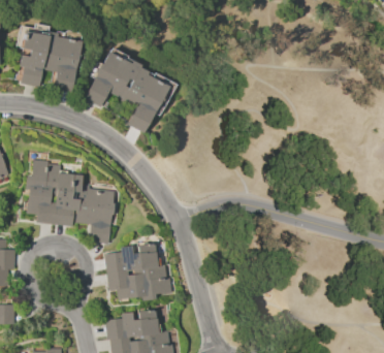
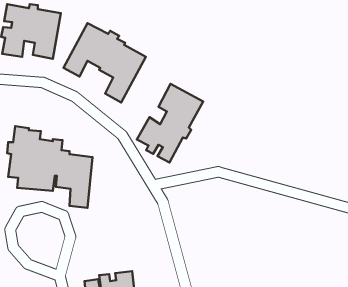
building: none -> [137,84,203,162]
building: [104,244,171,300] -> none

